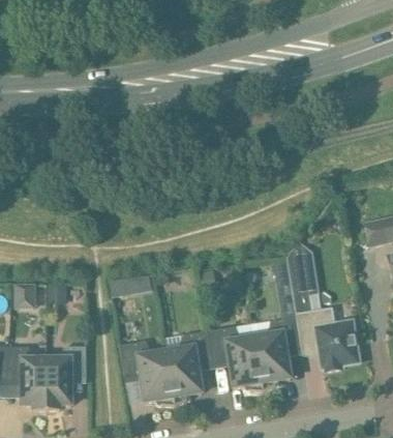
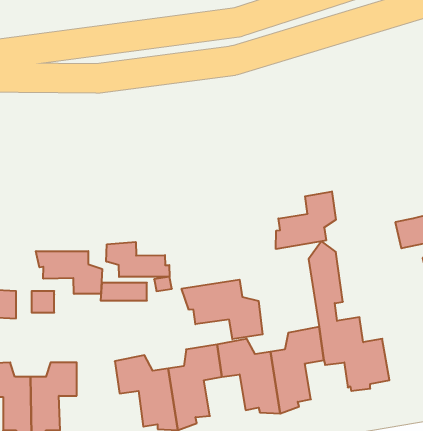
building: none -> [276,191,336,249]
building: none -> [106,242,169,277]
building: none -> [36,251,102,294]
building: none -> [182,280,263,339]

